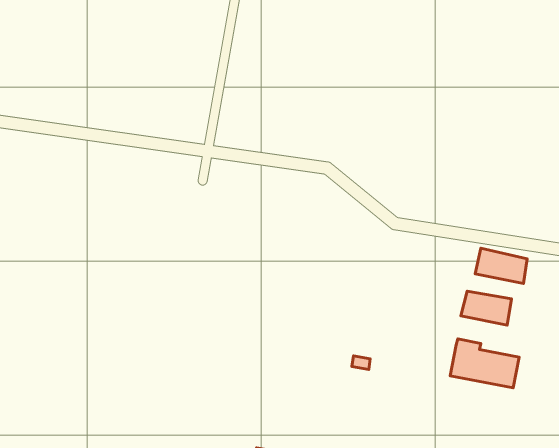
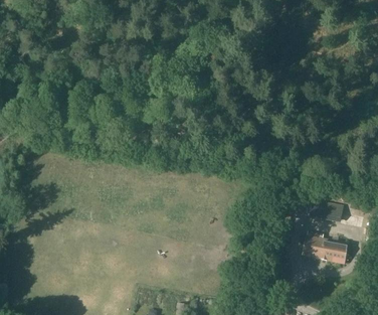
building: [475,248,527,284] -> none

